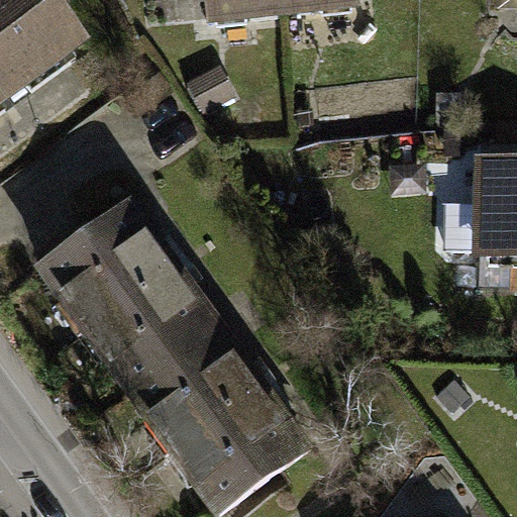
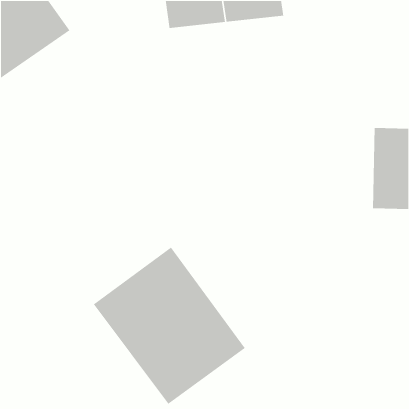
building: [30,193,216,384] -> none

